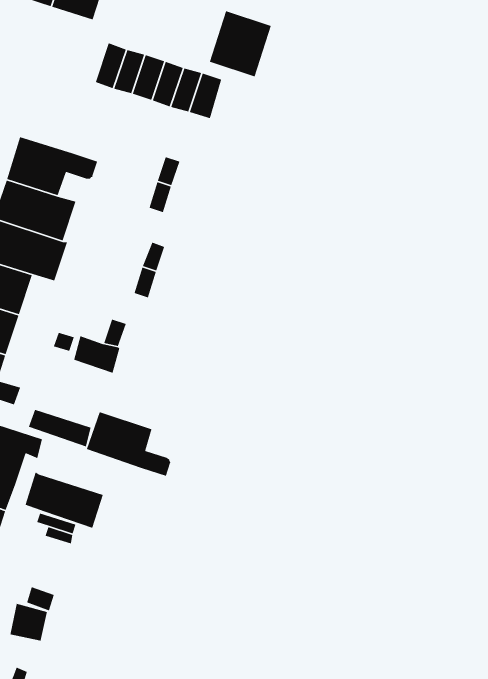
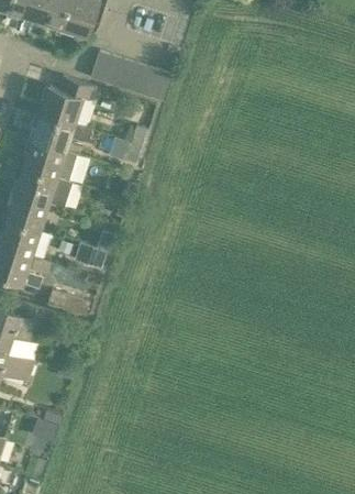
building: [209,10,272,78] -> none
building: none -> [40,77,96,124]
building: [86,411,172,477] -> none
building: [24,471,104,529] -> none

